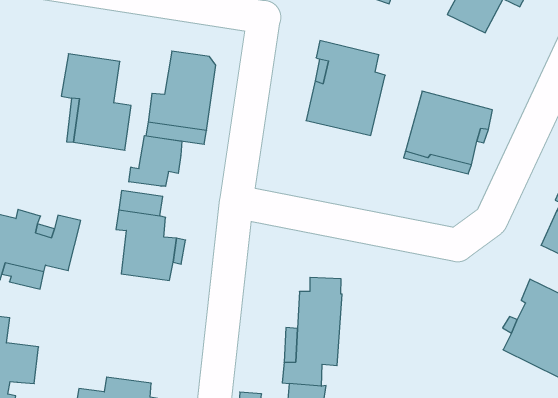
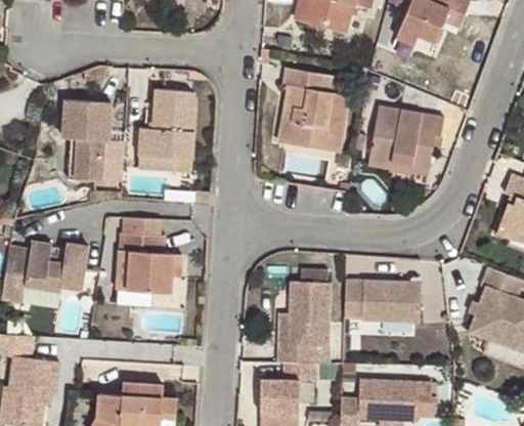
building: [129,136,182,186] -> none
building: none -> [341,287,420,328]

